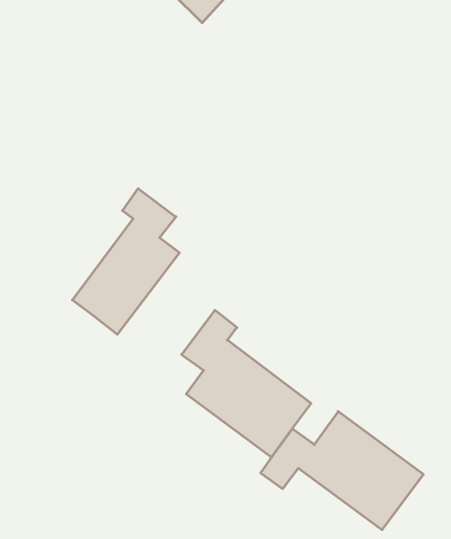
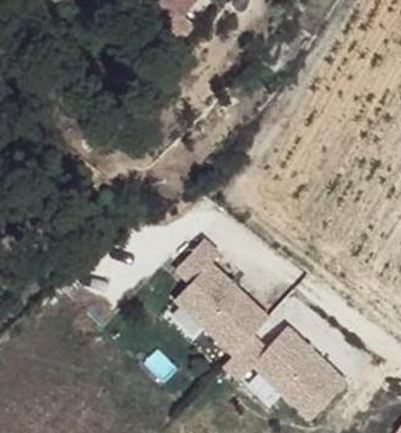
building: [72,189,179,334] -> none

